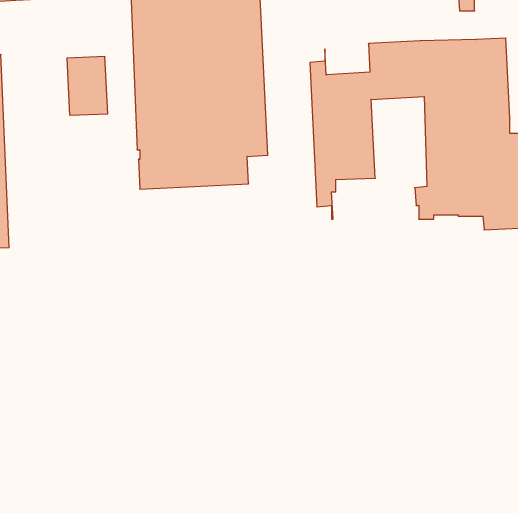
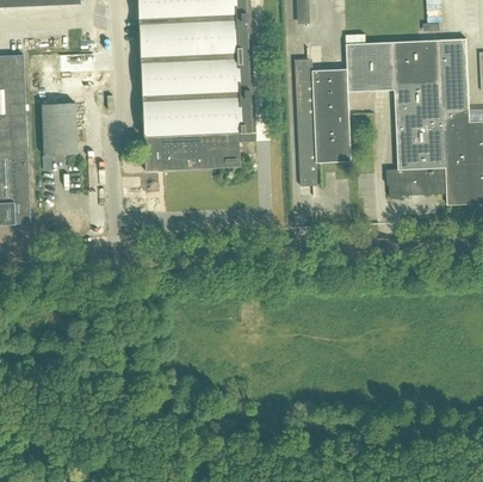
building: [67,57,108,115] -> [42,104,78,155]

